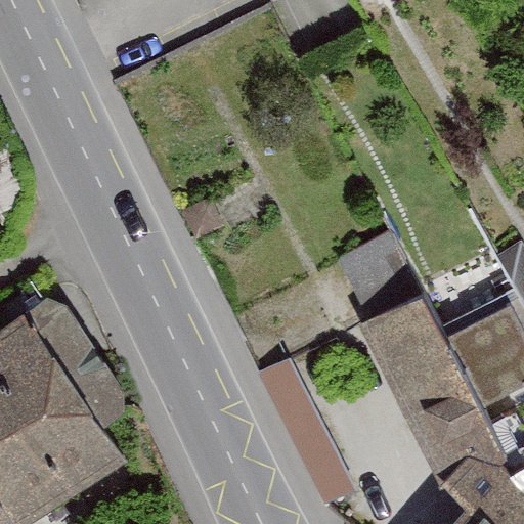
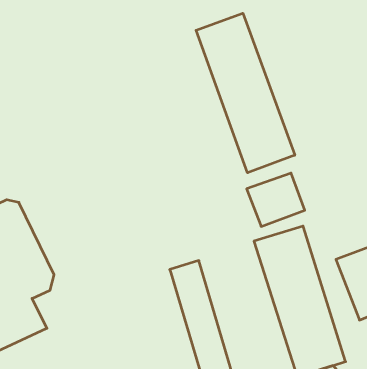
building: none -> [196,13,295,173]

